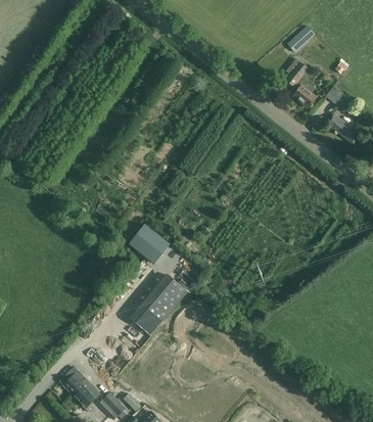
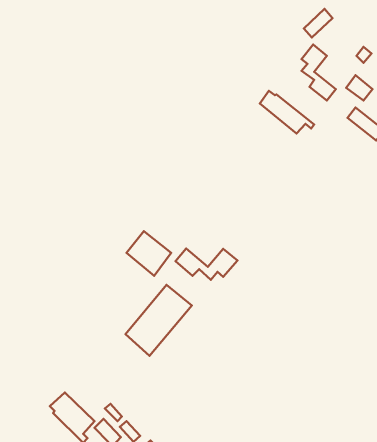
building: none -> [260,91,314,134]
building: none -> [175,248,237,280]

